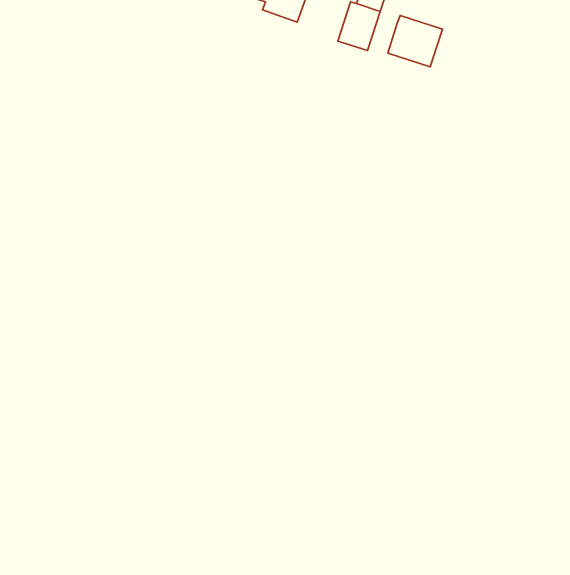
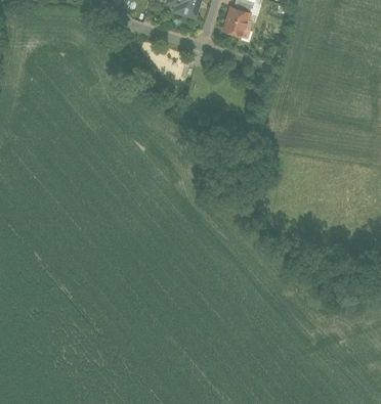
building: [388,16,442,67] -> none

